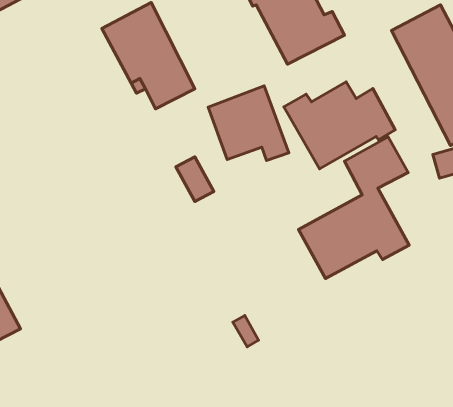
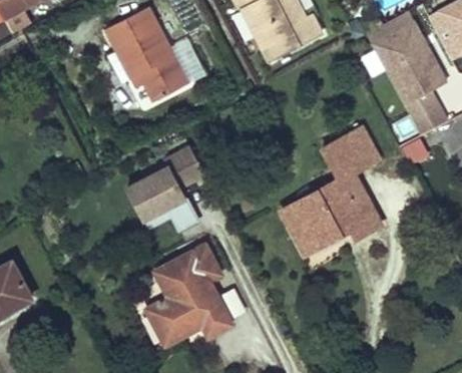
building: [284,82,395,169] -> none
building: [208,86,289,161] -> [124,163,196,231]
building: none -> [147,246,232,345]

